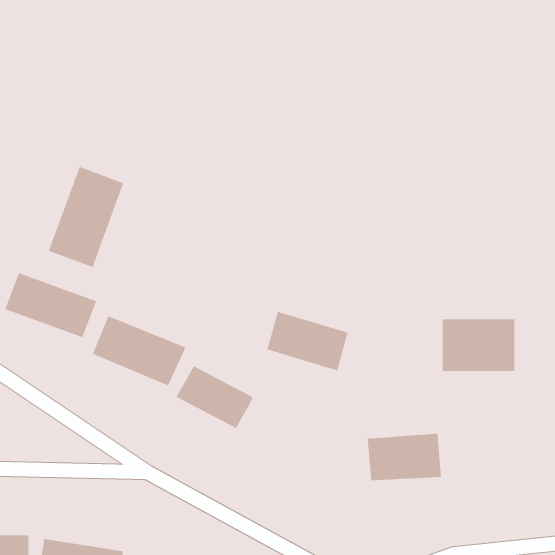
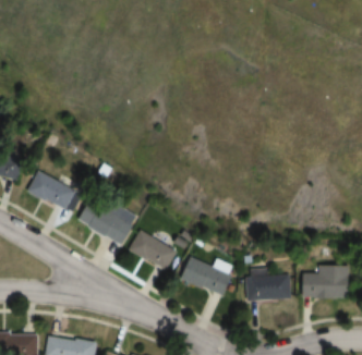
building: [48,166,124,268] -> none
building: [266,311,349,371] -> [181,257,231,294]
building: [442,318,515,372] -> [302,266,347,298]

